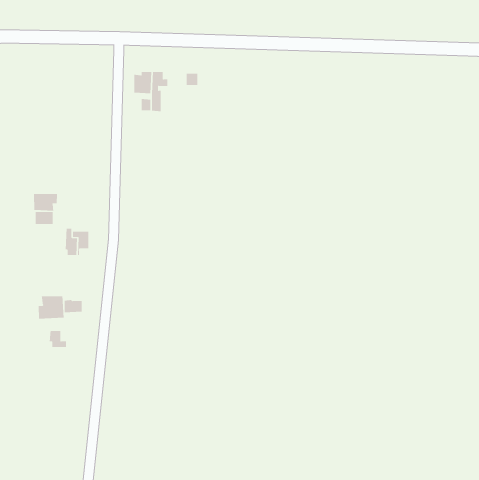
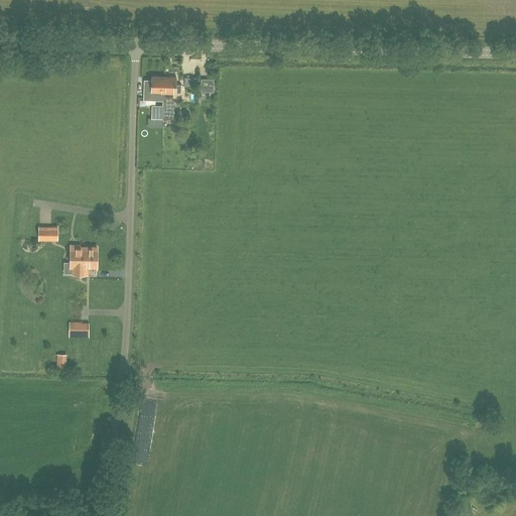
building: [33,193,58,211] -> none
building: [38,295,64,320] -> none

